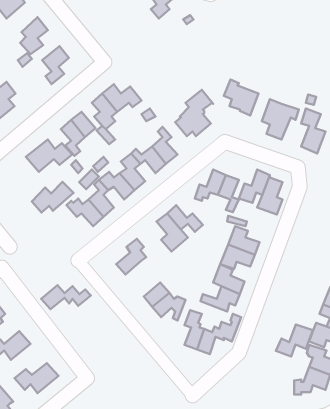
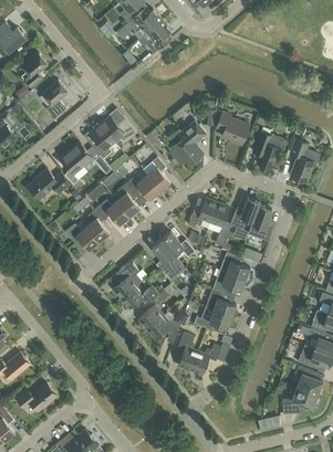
building: [32,182,74,212] -> none
building: [41,285,91,309] -> [121,285,168,308]
building: [276,324,313,356] -> none

